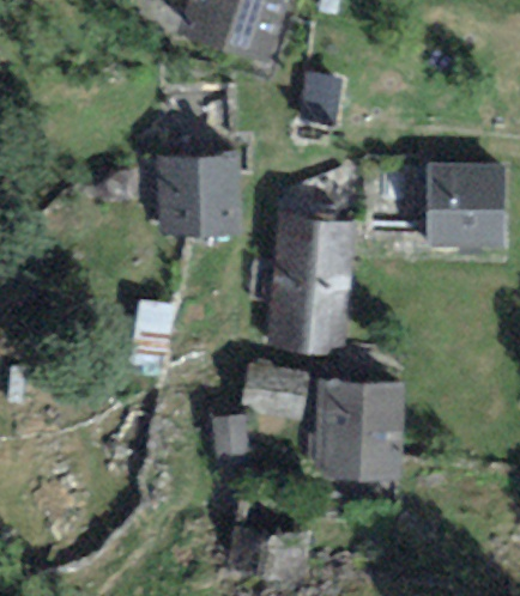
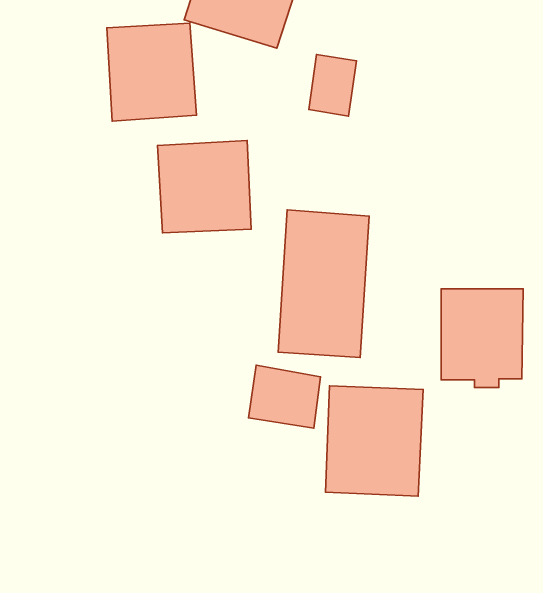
building: none -> [107,23,196,121]
building: [428,163,504,255] -> [441,289,523,388]

